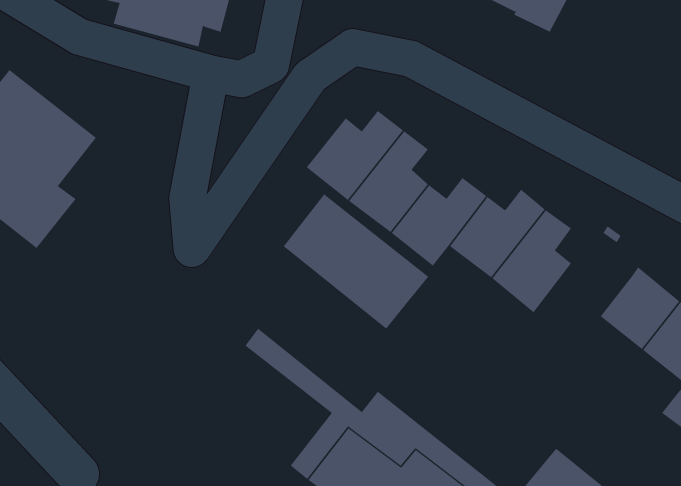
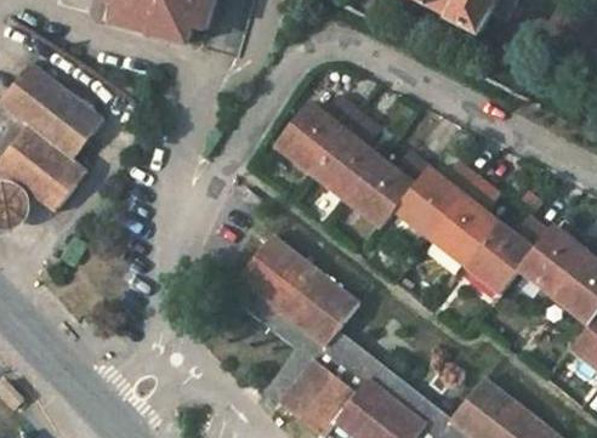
building: [283,194,429,330] -> [237,234,358,347]
building: none -> [466,218,547,292]

